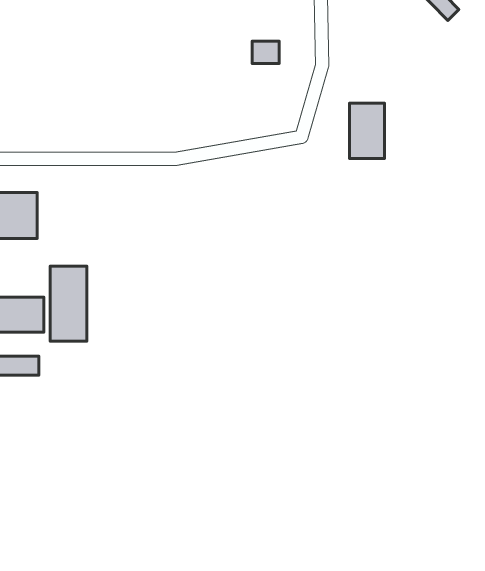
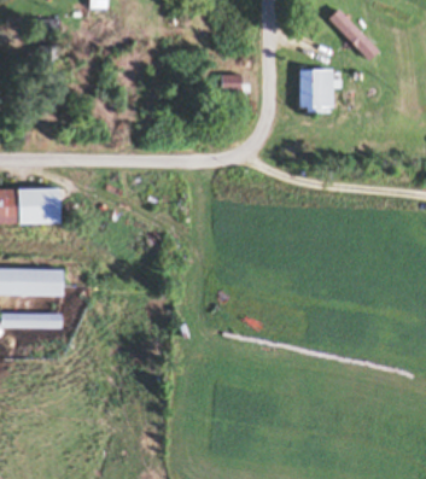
building: [349,103,384,159] -> [307,70,333,112]
building: [50,266,87,341] -> none

